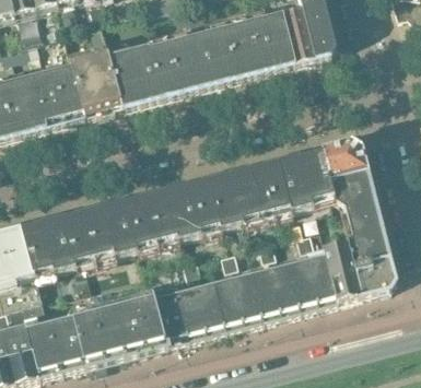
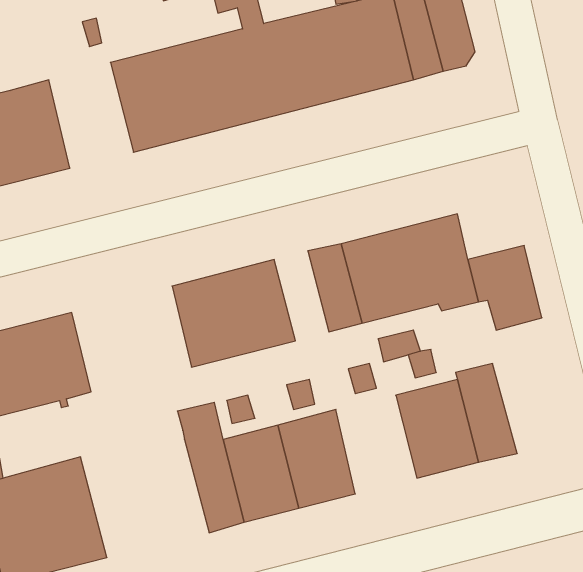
building: [71,44,126,116] -> none
building: [327,137,369,173] -> none
building: [213,167,247,223] -> none
building: [87,189,162,259] -> none
building: [349,209,397,293] -> none
building: [252,257,302,318] -> none
building: [93,279,173,357] -> none

